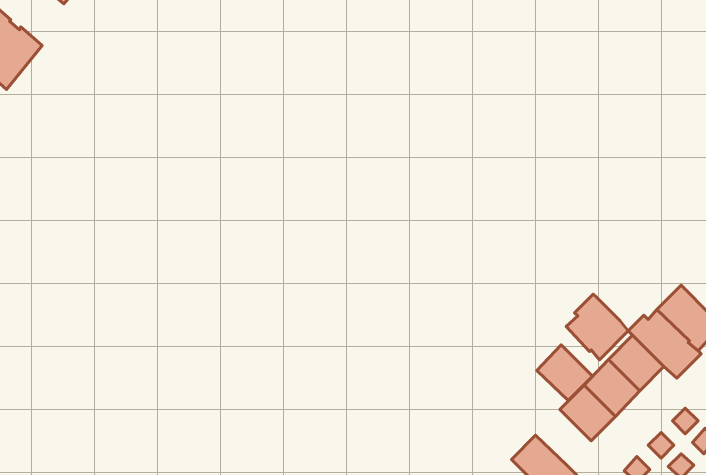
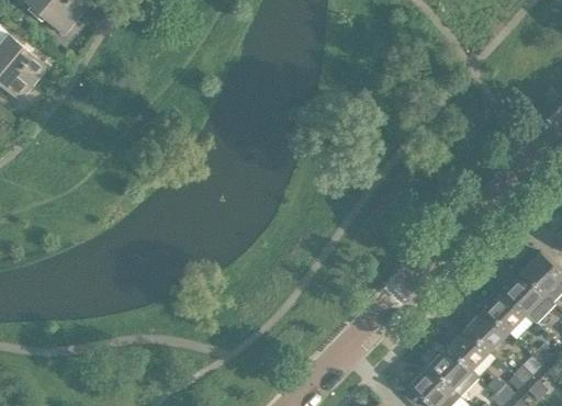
building: [566,294,628,360] -> none
building: [537,345,593,401] -> [427,347,470,390]

